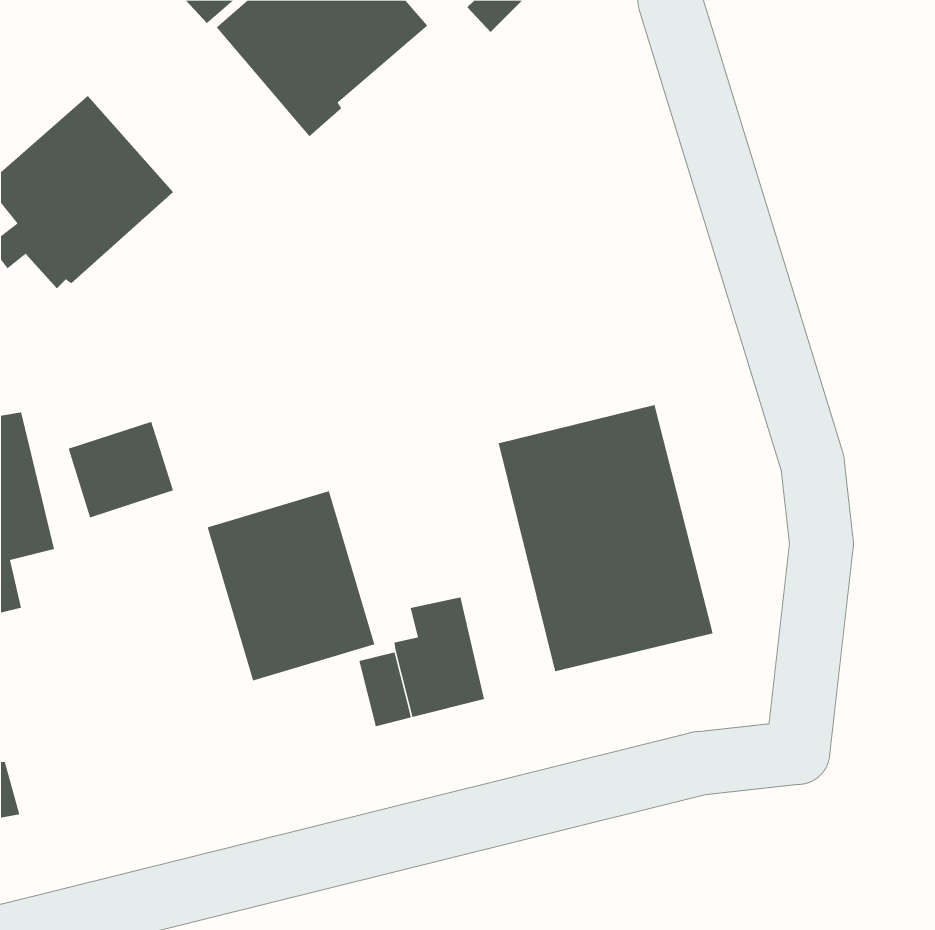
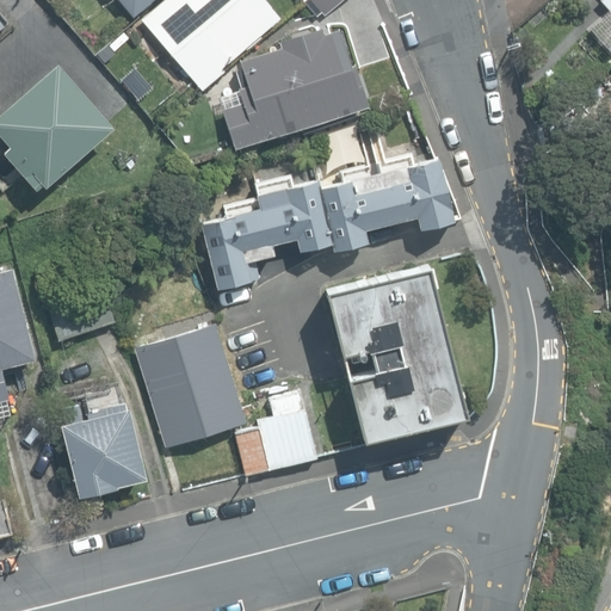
building: none -> [222,31,369,150]
building: none -> [200,156,452,288]
building: none -> [62,402,146,498]

